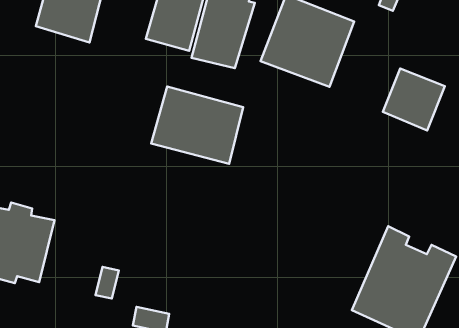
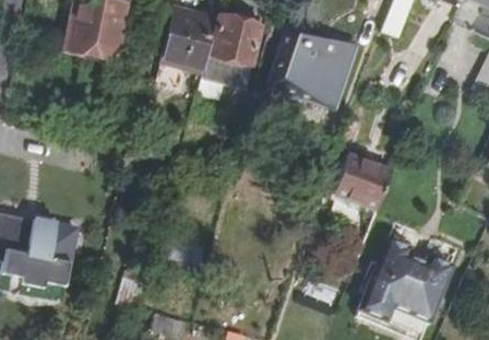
building: [383,68,445,130] -> [335,152,393,210]
building: [151,87,243,164] -> none

